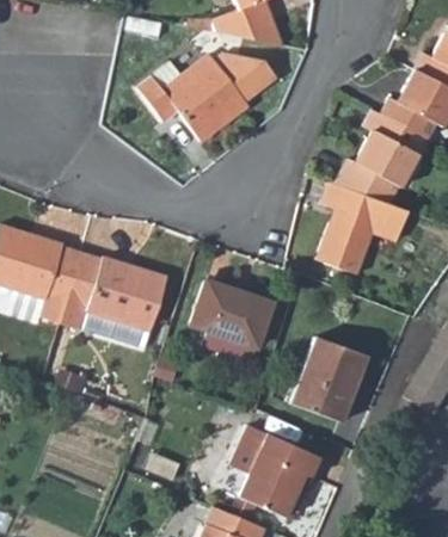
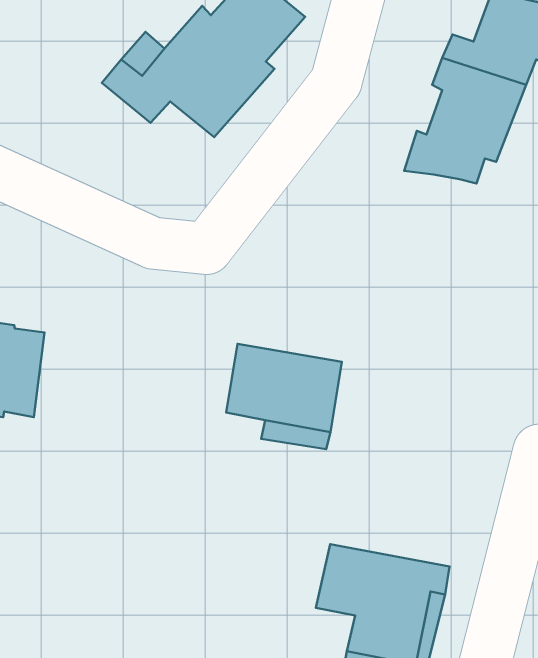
building: [314,180,405,273] -> none
building: [57,249,165,334] -> none
building: [294,337,369,421] -> none

